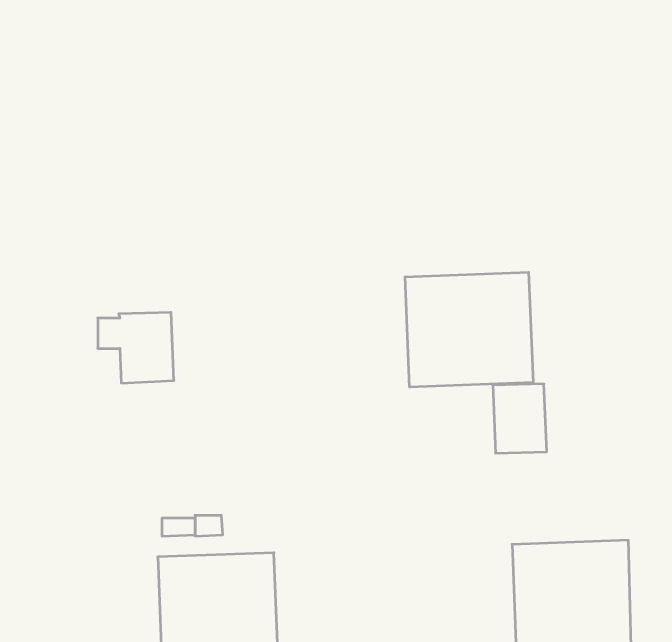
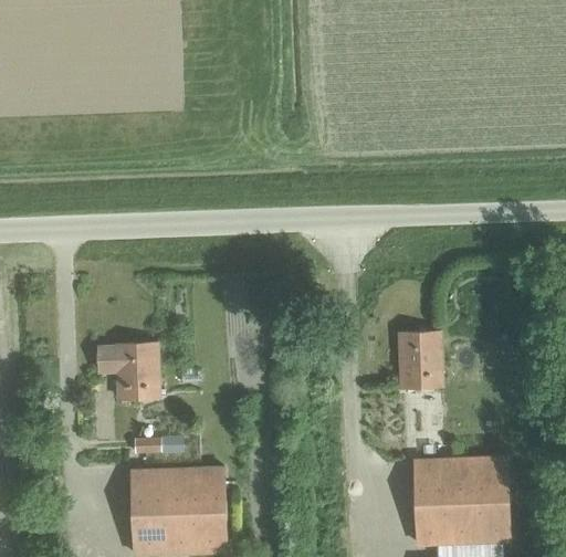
building: [405,272,533,387] -> none
building: [98,312,174,383] -> [98,343,159,399]

